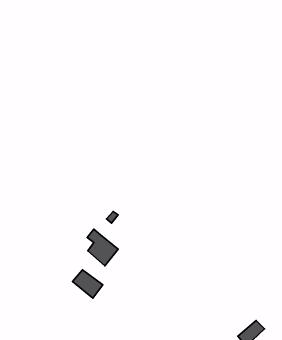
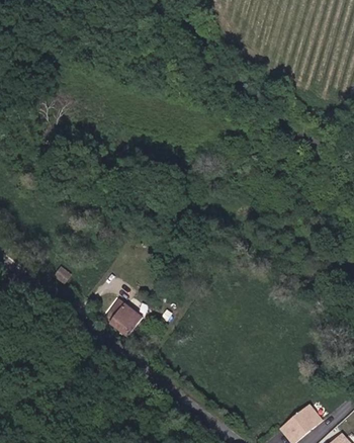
building: [73,270,103,298] -> none

